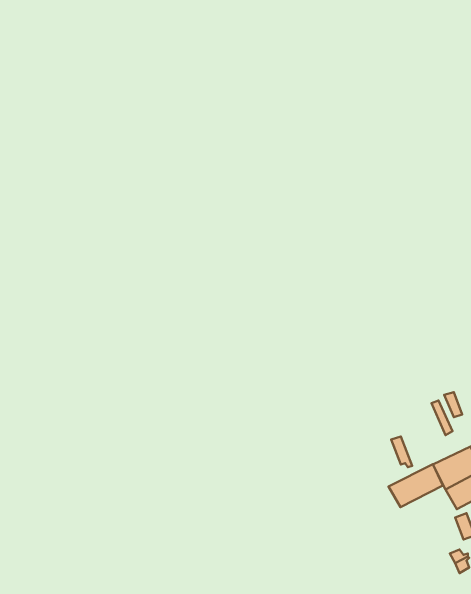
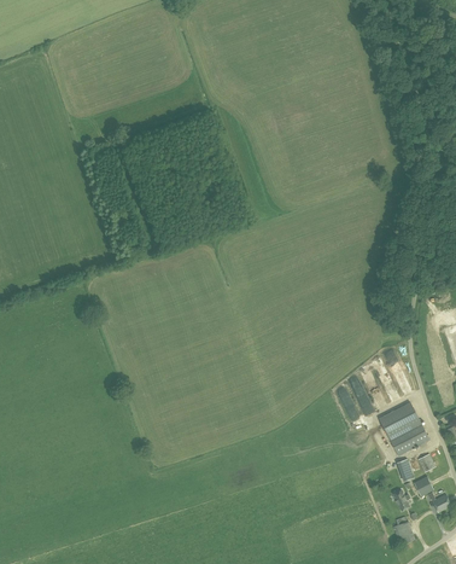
building: [388,464,443,507] -> none

